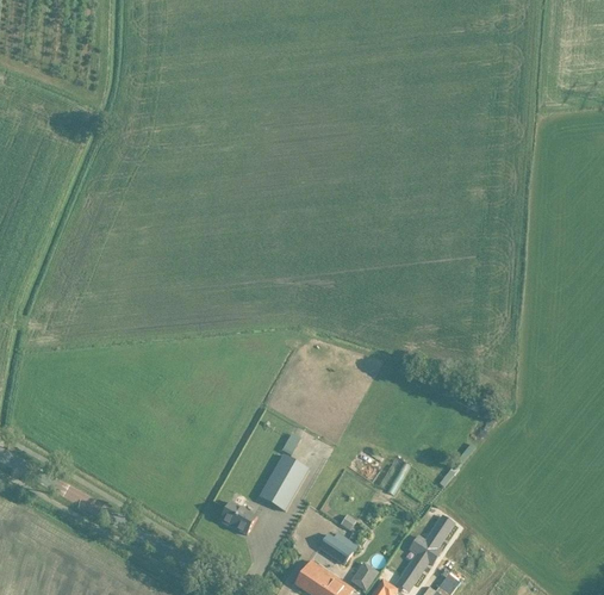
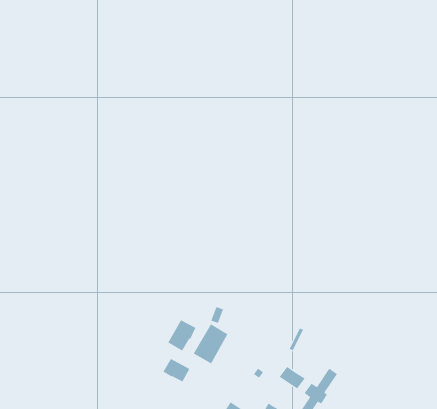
building: none -> [167,320,196,351]
building: [318,532,354,563] -> [279,366,306,389]

